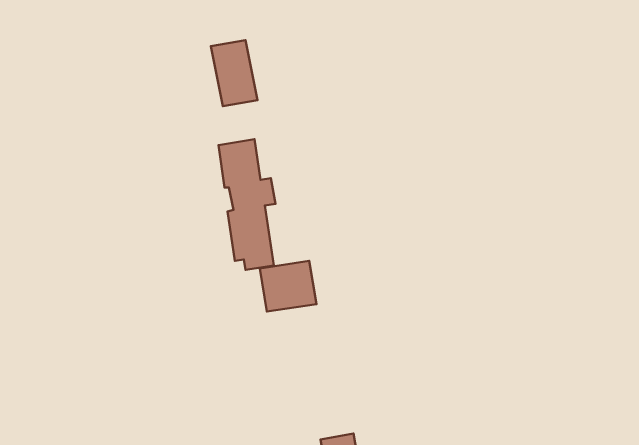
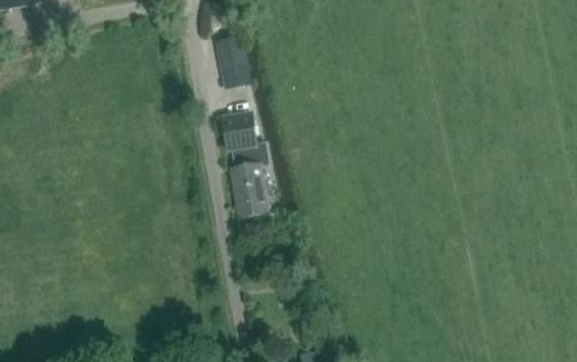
building: [260,261,317,312] -> none

